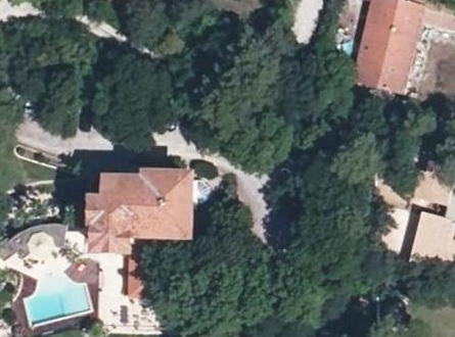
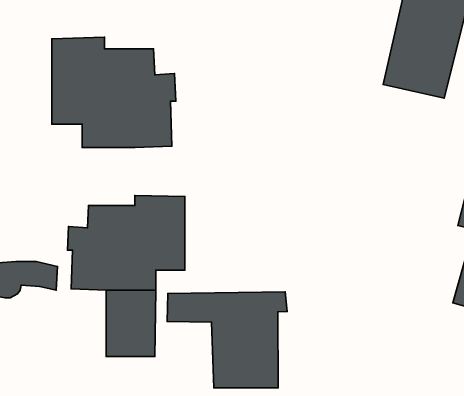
building: none -> [52,37,176,148]
building: none -> [167,292,287,388]

